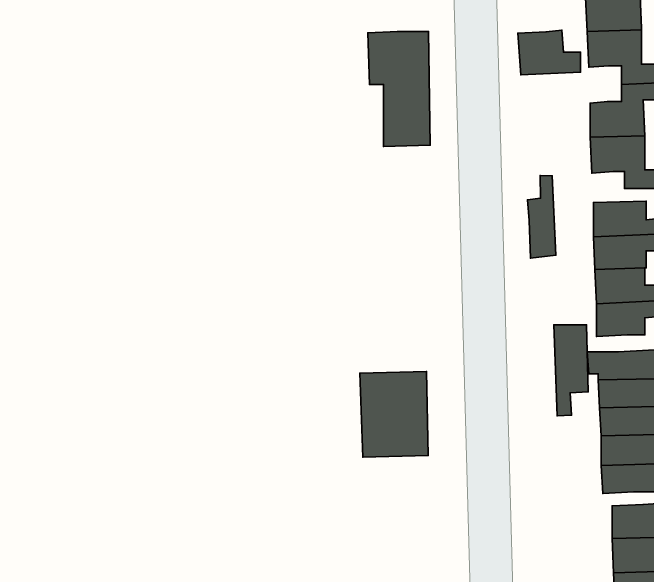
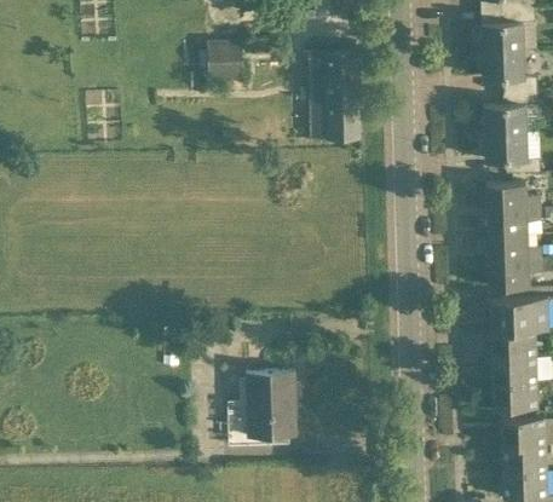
building: none -> [205,41,242,82]
building: [518,30,581,75] -> none
building: [527,176,556,258] -> none
building: [554,325,588,416] -> none
building: [360,371,428,457] -> [242,373,295,439]

